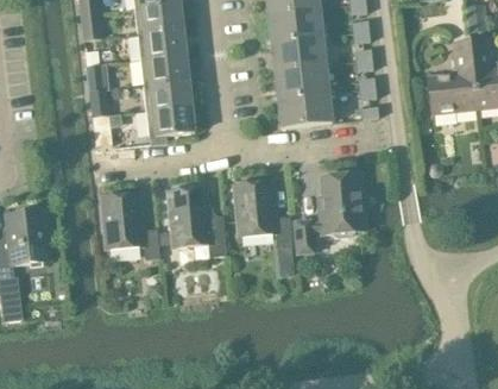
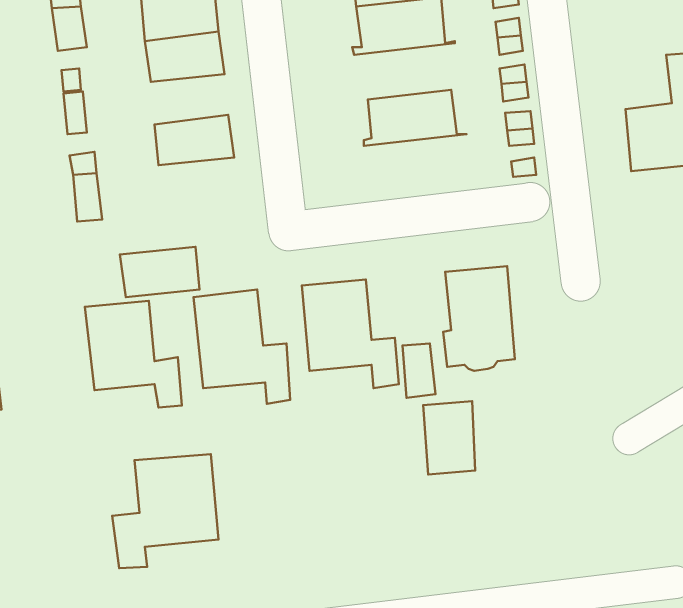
building: [265,34,327,69] -> none
building: [140,54,188,84] -> none
building: [271,90,334,126] -> none
building: [145,105,194,136] -> [120,247,199,297]
building: none -> [423,401,475,474]
building: none -> [112,454,218,568]

